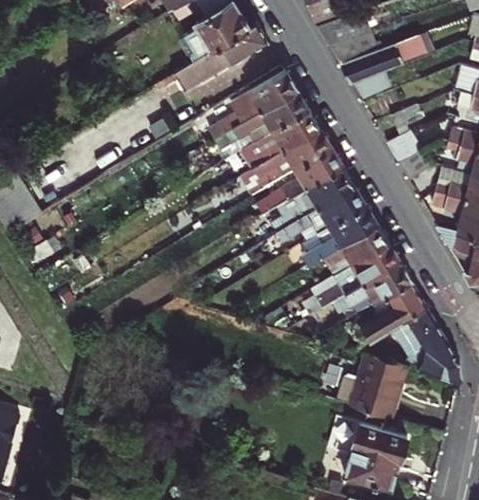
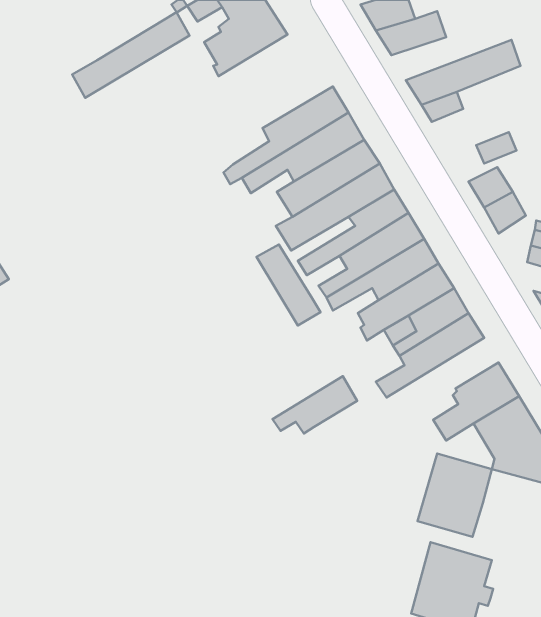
building: [177,24,267,90] -> [72,12,189,98]
building: [329,31,377,64] -> none
building: none -> [256,244,321,325]
building: [346,262,411,306] -> [273,376,357,433]

